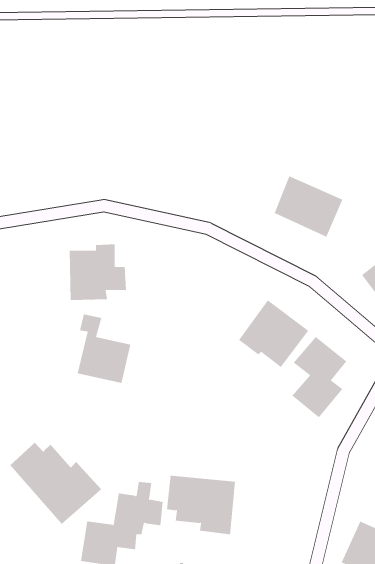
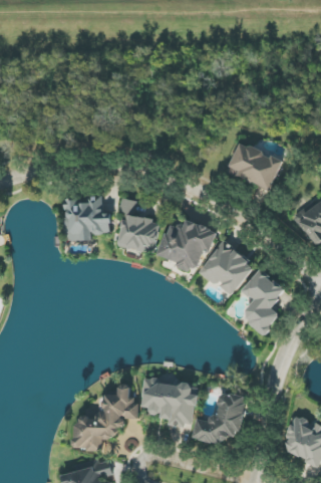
building: none -> [157,220,218,272]
building: [77,314,131,384] -> [116,198,159,253]
building: [10,442,102,525] -> none
building: none -> [193,393,245,445]

